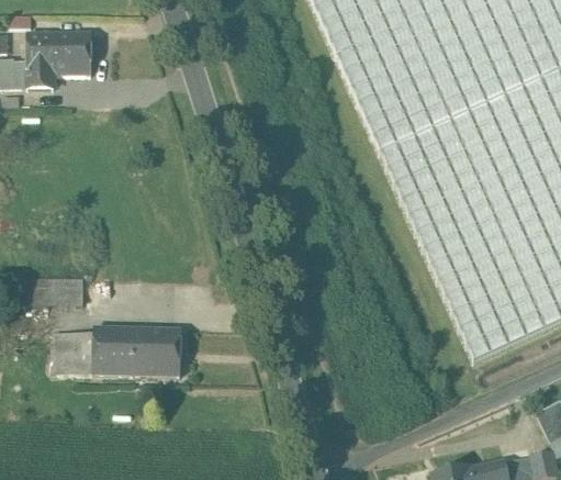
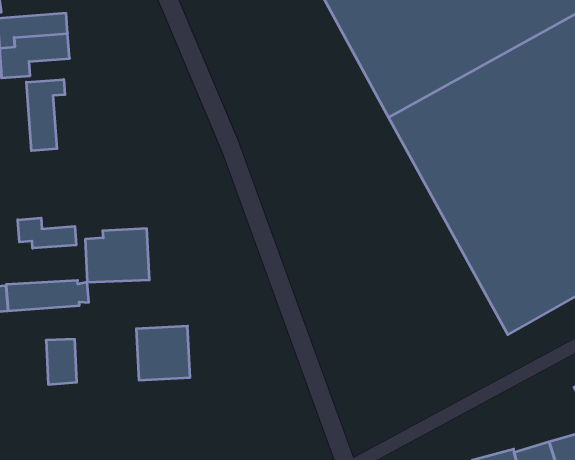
building: none -> [26,79,65,151]
building: none -> [18,218,76,248]
building: [77,326,135,375] -> [85,229,149,282]

